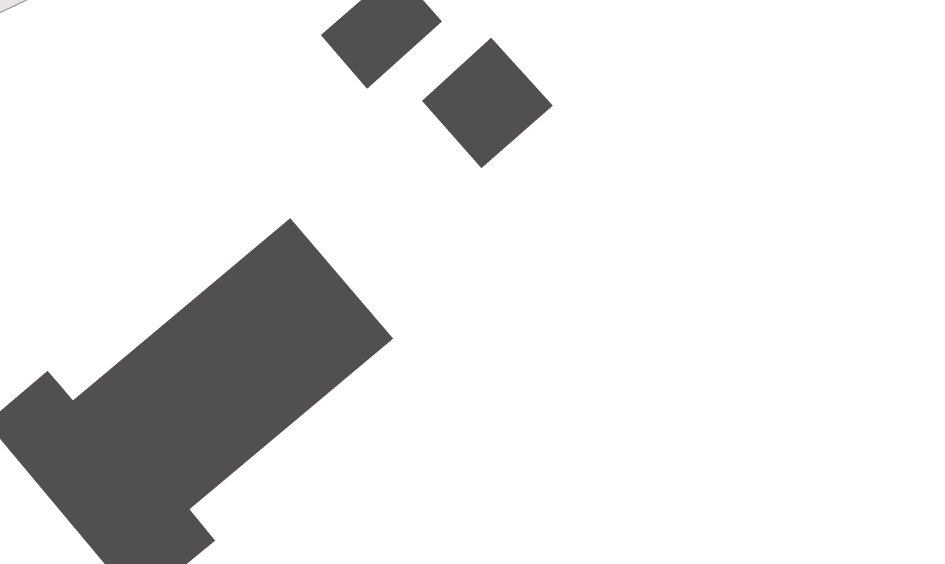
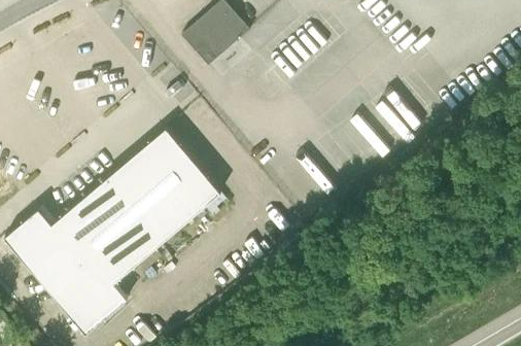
building: [421,37,554,169] -> none

